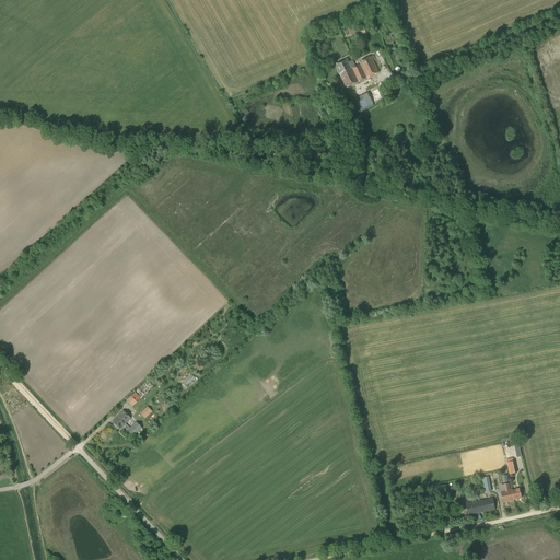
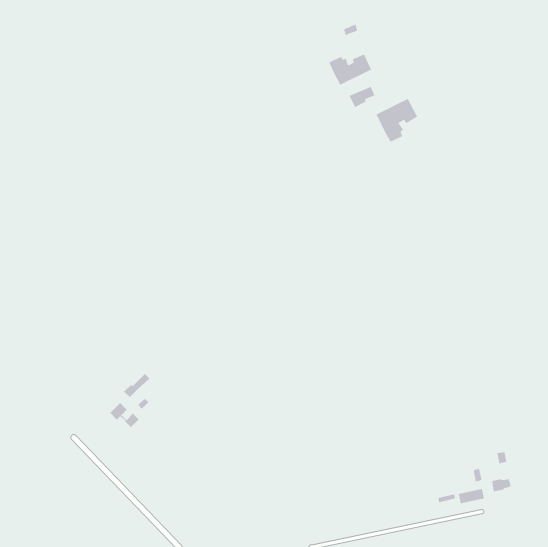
building: none -> [376,98,418,143]

